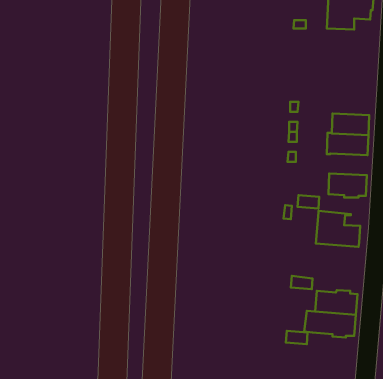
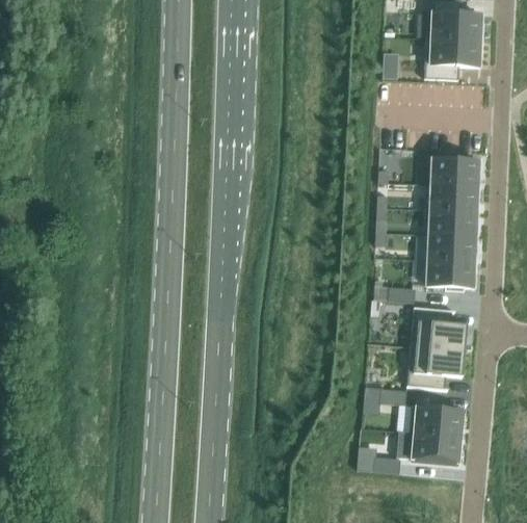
building: none -> [431,156,479,186]
building: none -> [427,234,475,261]
building: none -> [406,346,464,389]

